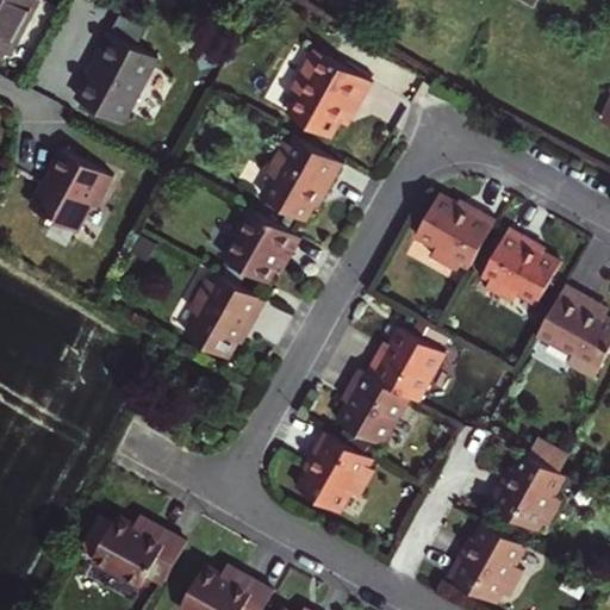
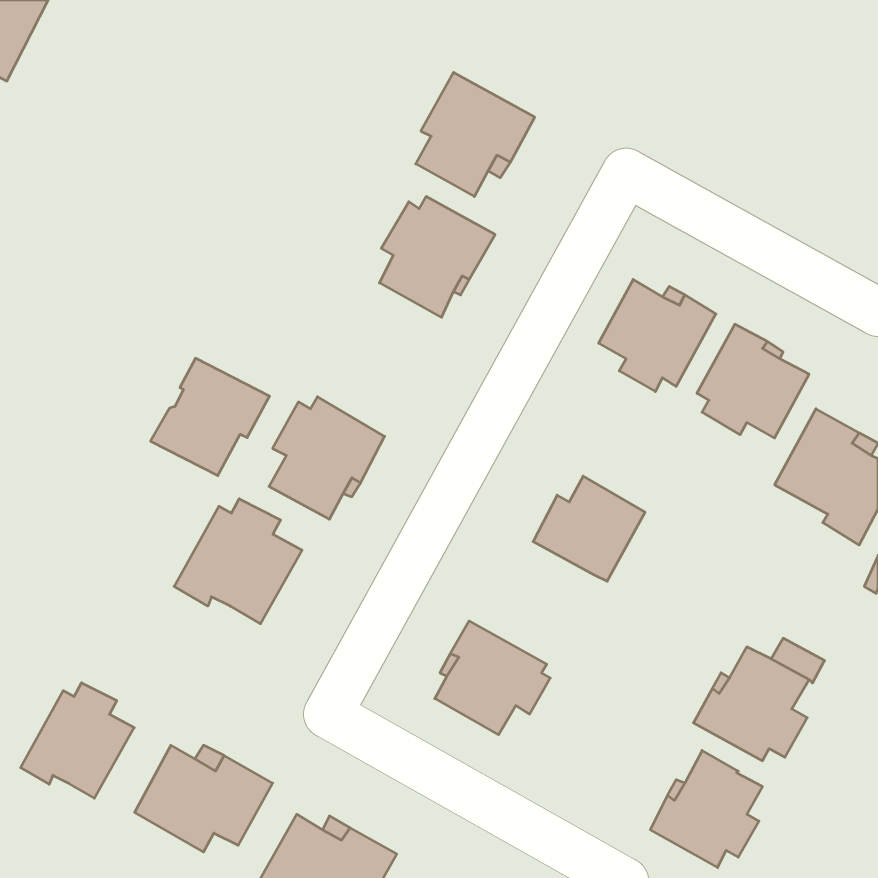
building: [74,33,154,125] -> none
building: [30,151,112,232] -> [151,358,270,476]
building: [222,211,301,285] -> none
building: none -> [174,499,302,624]
building: [338,371,410,449] -> none
building: none -> [21,683,134,798]

